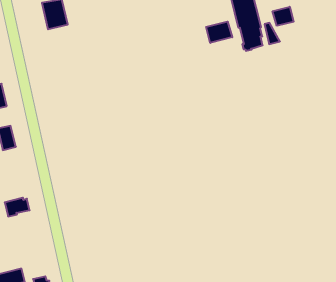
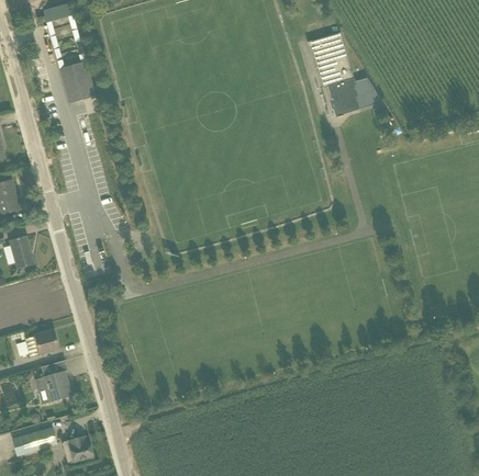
building: [273,7,294,26] -> none
building: [206,22,232,43] -> none
building: none -> [35,371,71,404]

